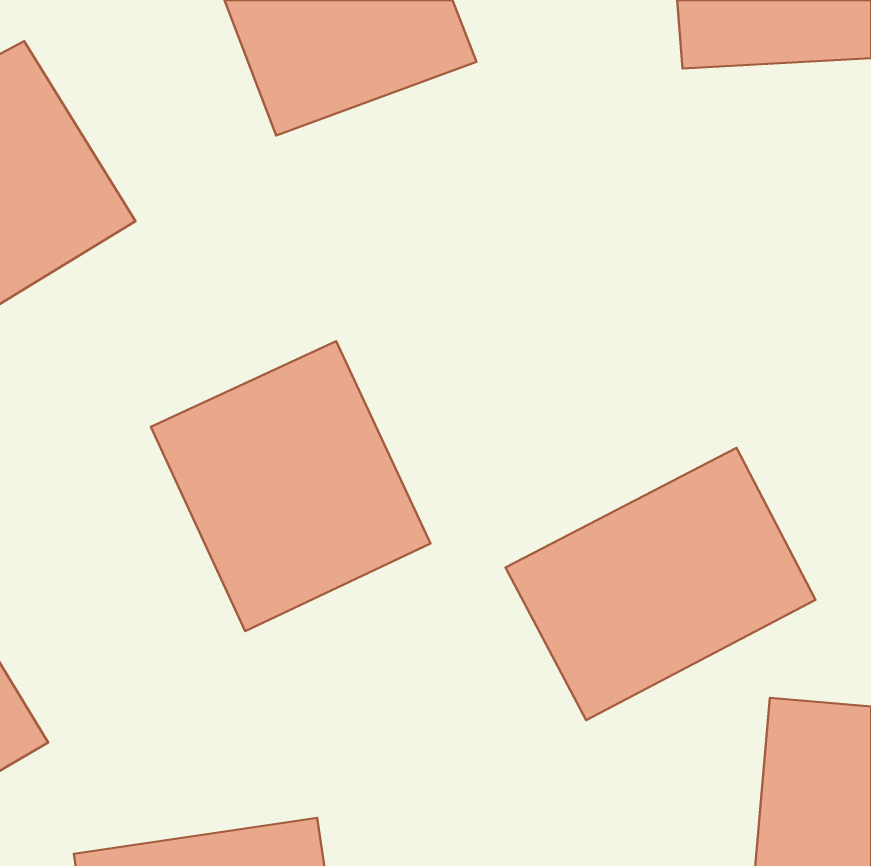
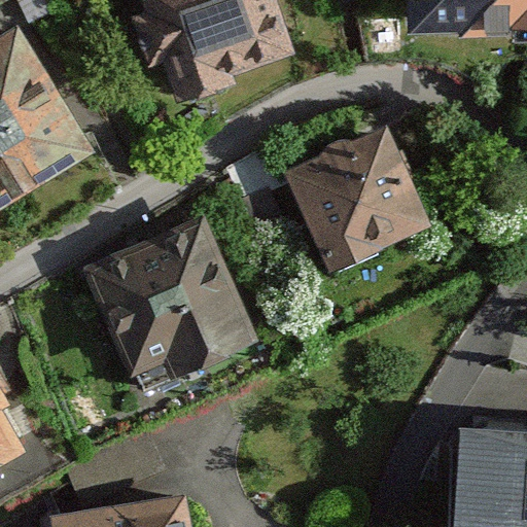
building: none -> [281,119,430,271]
building: [506,448,816,720] -> none

